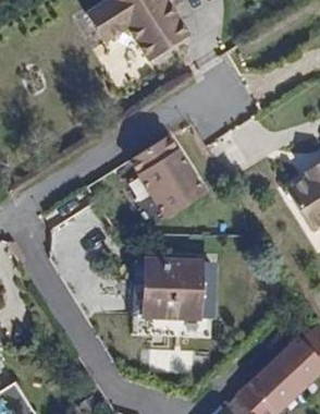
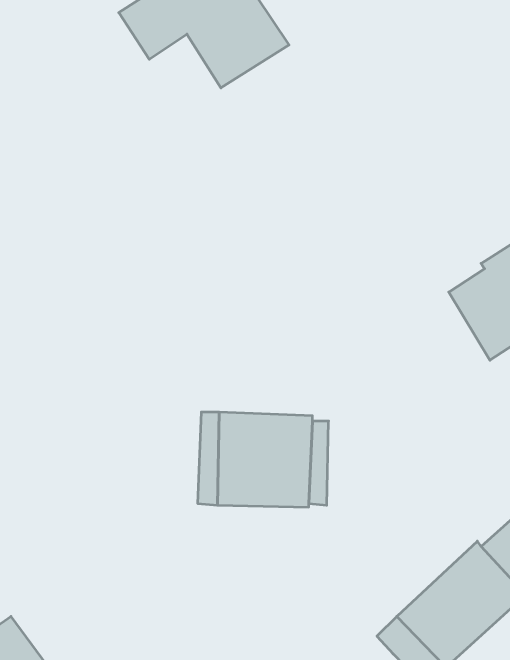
building: [127,136,202,218] -> none

